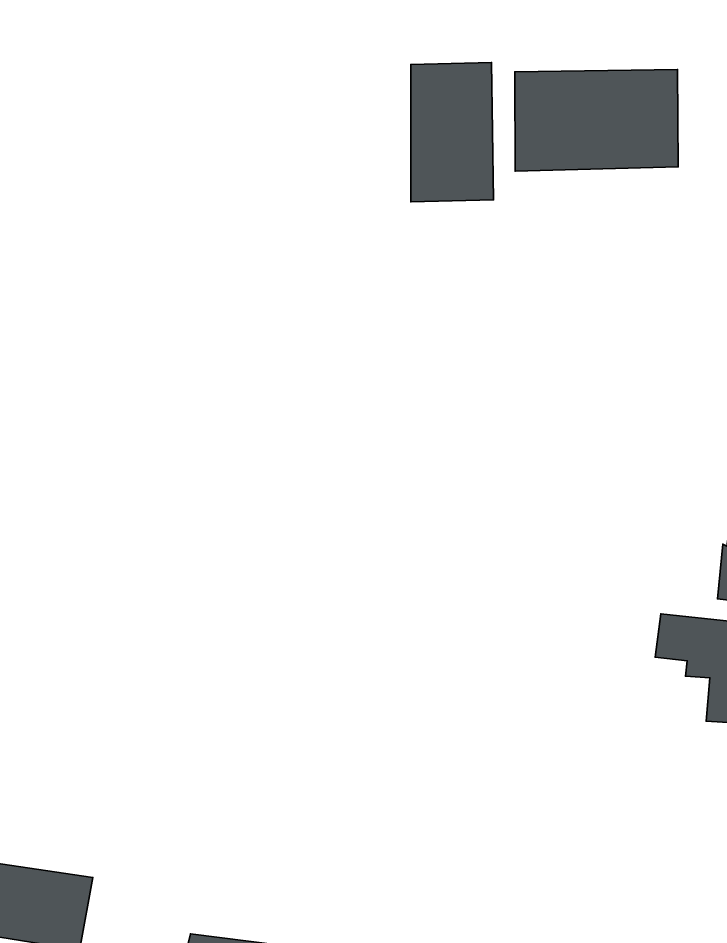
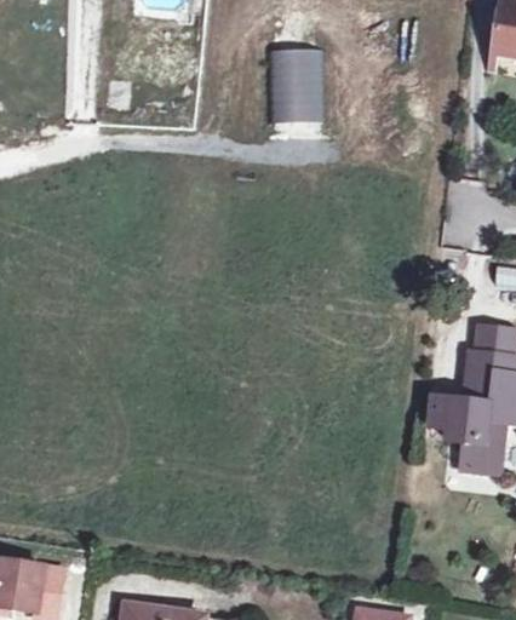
building: [515,70,678,171] -> none

